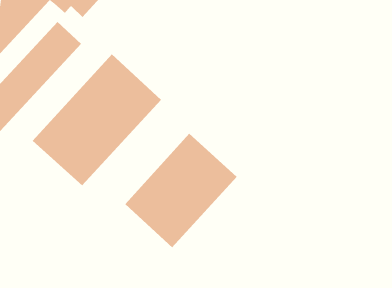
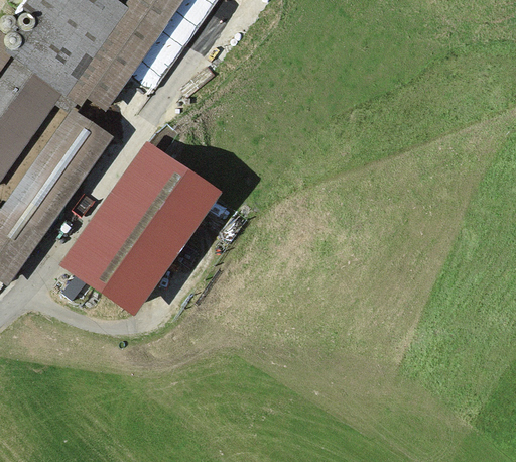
building: [125,133,238,248] -> none

